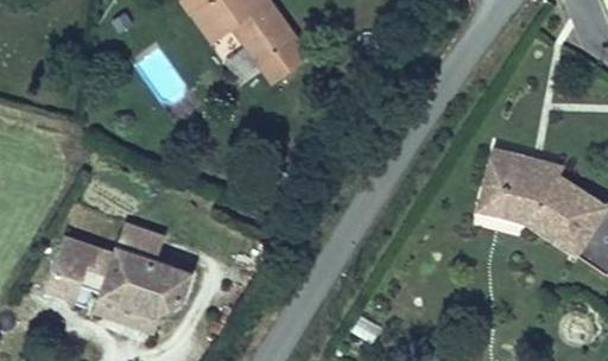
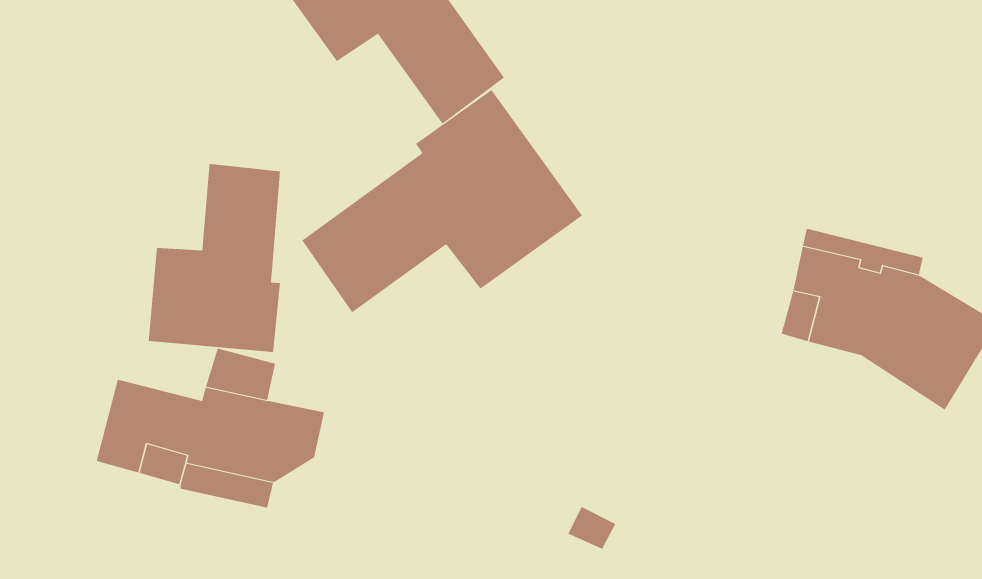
building: none -> [302,89,583,313]
building: none -> [148,163,281,353]

